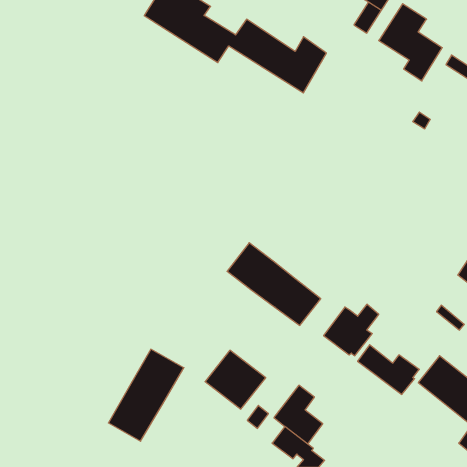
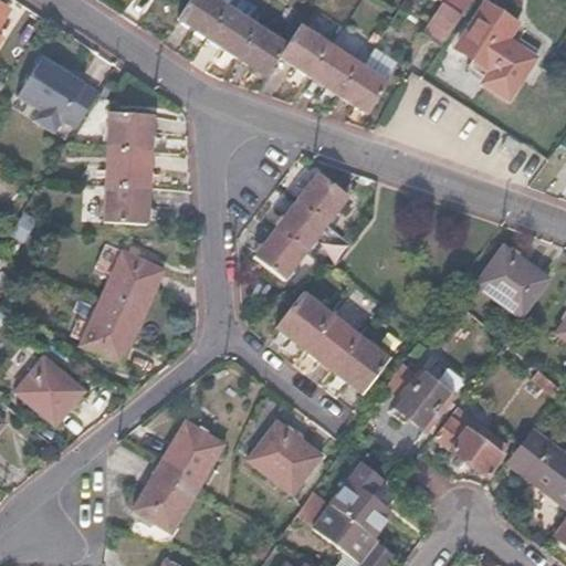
building: none -> [18,56,99,134]
building: none -> [105,112,154,224]
building: none -> [255,171,348,277]
building: none -> [81,242,165,364]
building: none -> [474,245,548,317]
building: none -> [17,356,84,423]

